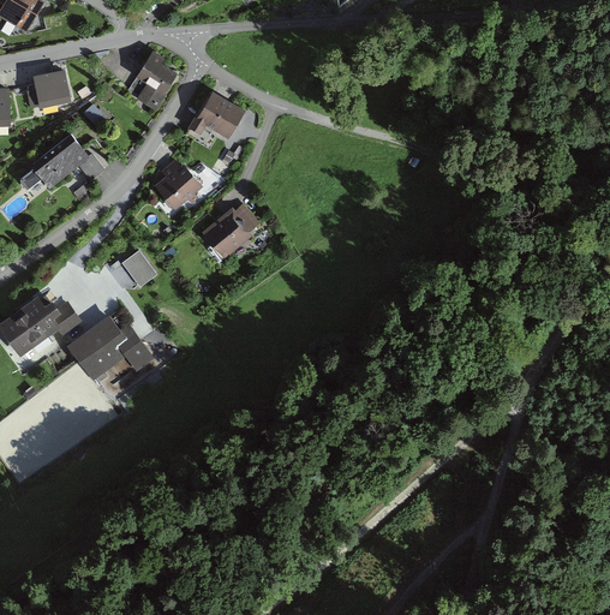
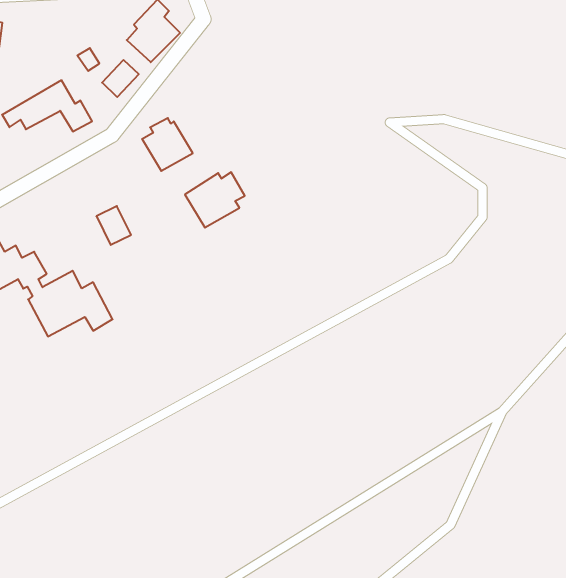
building: [34,72,70,107] -> none
building: [187,94,243,142] -> none
building: none -> [102,60,139,97]

